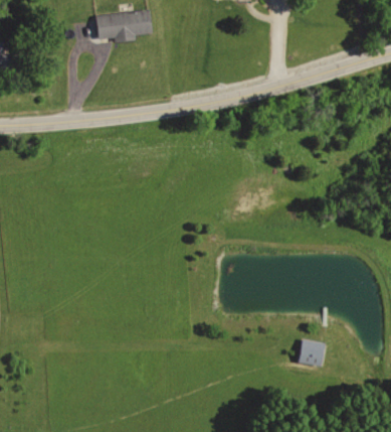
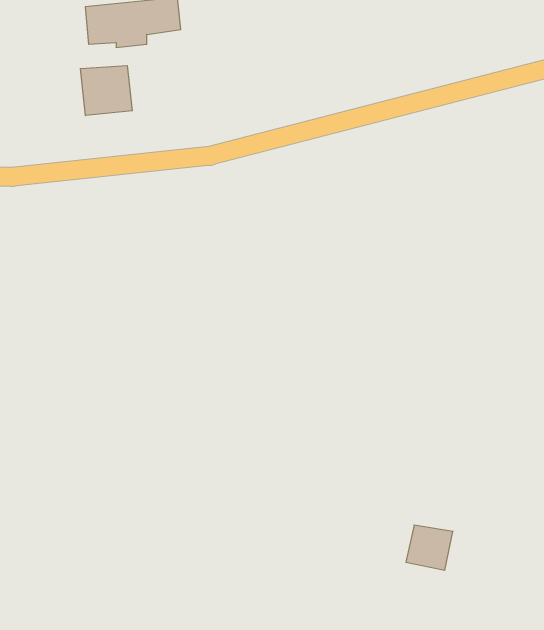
building: none -> [80,66,132,116]

